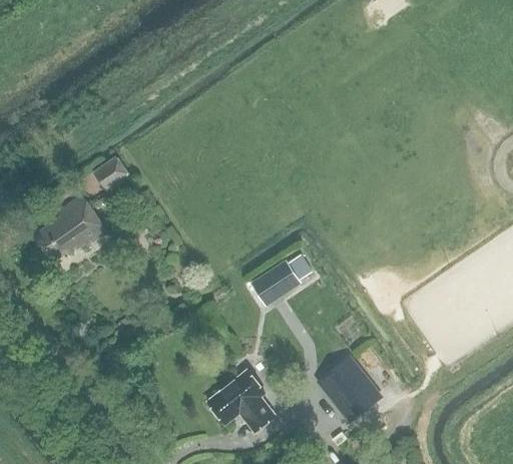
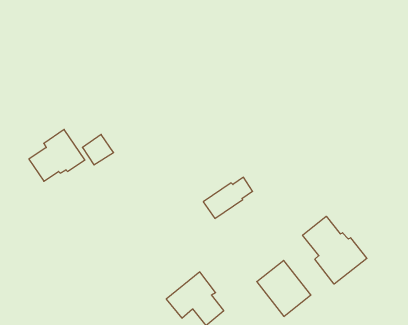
building: [92,155,130,192] -> [82,134,114,165]
building: none -> [303,216,367,284]

